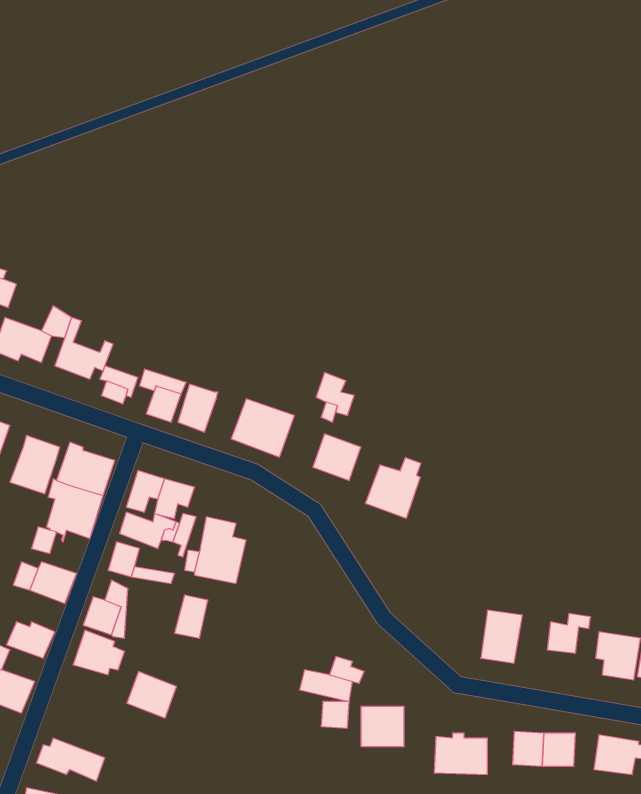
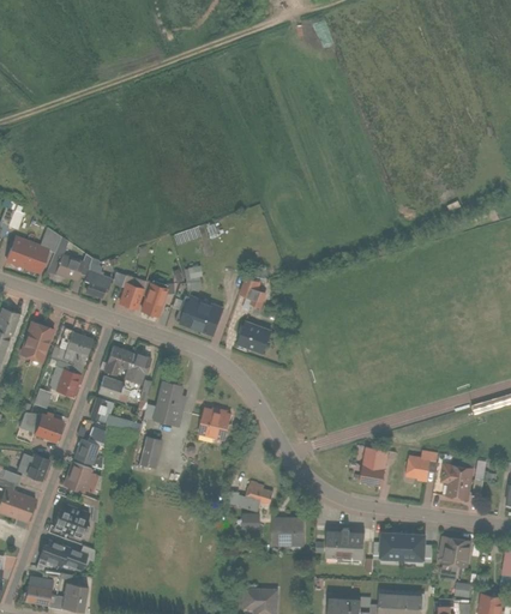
building: [366,457,421,518] -> none
building: none -> [197,407,232,440]
building: [127,672,177,718] -> [55,505,91,538]

